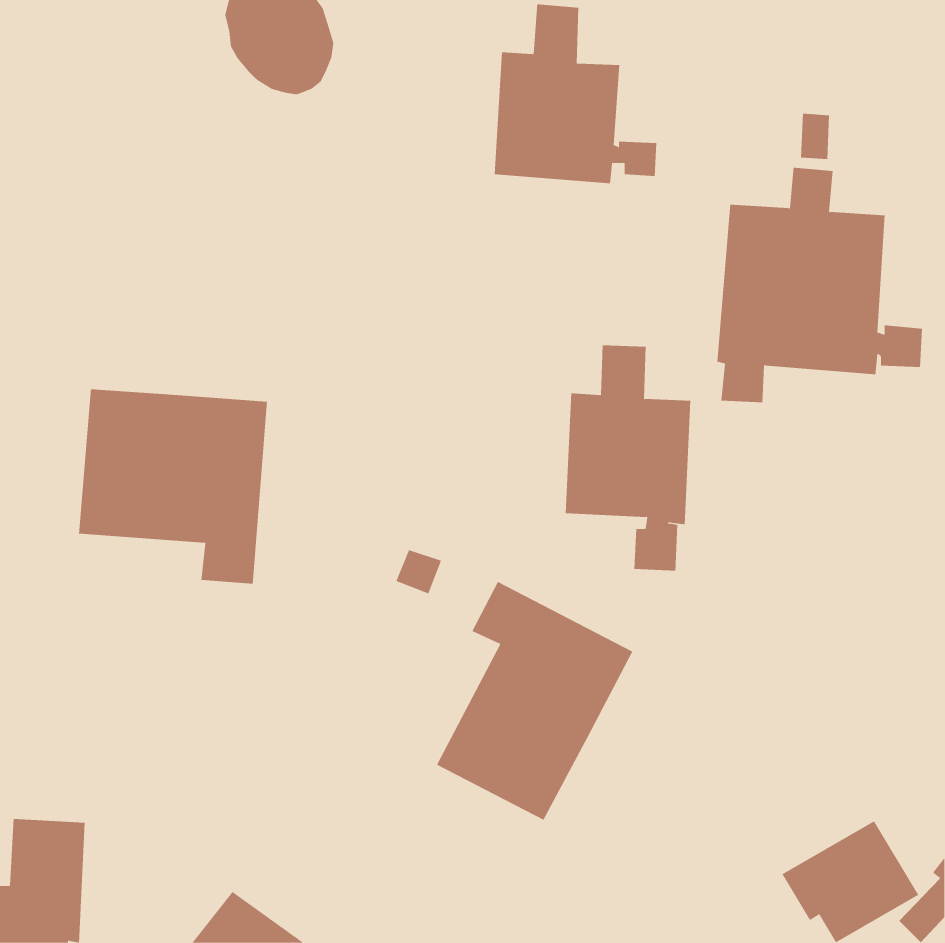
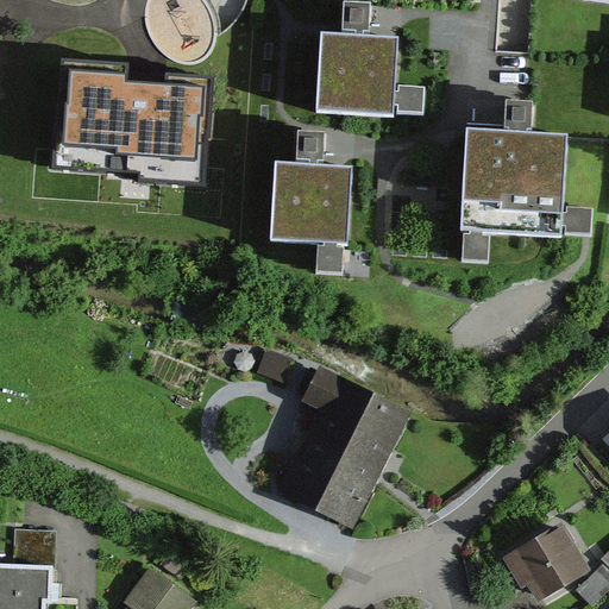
building: none -> [54,56,211,181]
building: [565,345,691,571] -> [271,131,352,276]
building: [79,389,267,585] -> none

